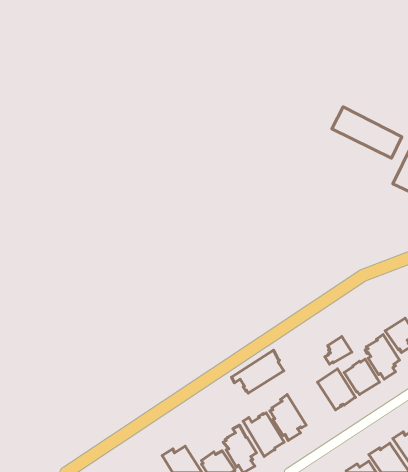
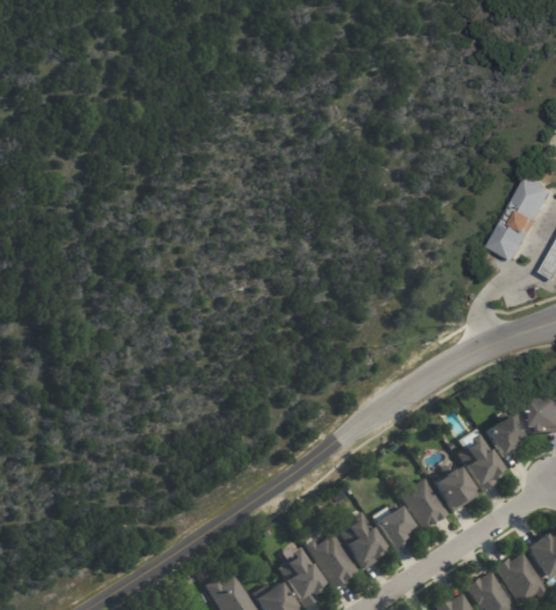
building: [332,107,402,158] -> none
building: [325,336,352,364] -> none
building: [231,350,284,393] -> none
building: none -> [371,506,410,549]

